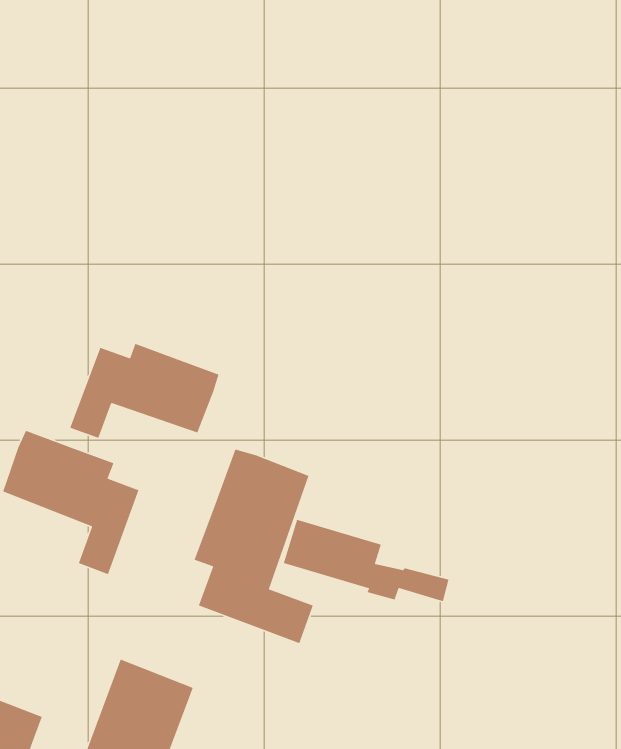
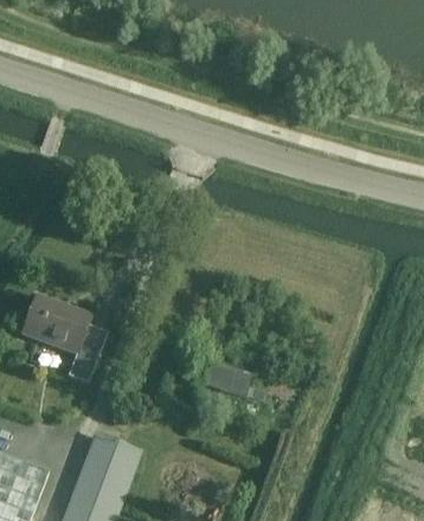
building: [69,343,220,439] -> none
building: [193,448,314,644] -> none

